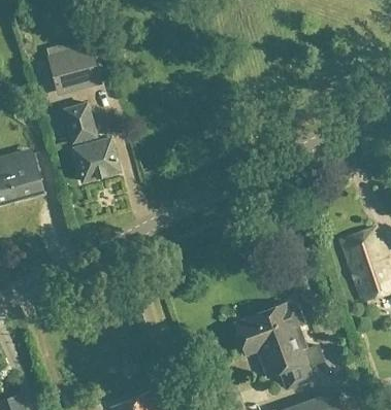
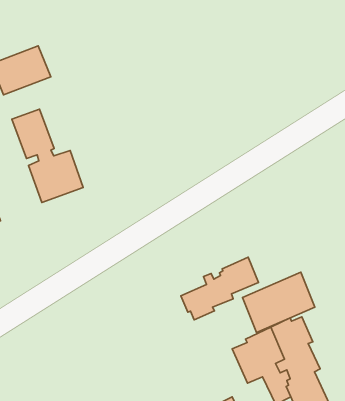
building: none -> [181,257,259,320]
building: none -> [243,272,315,332]

